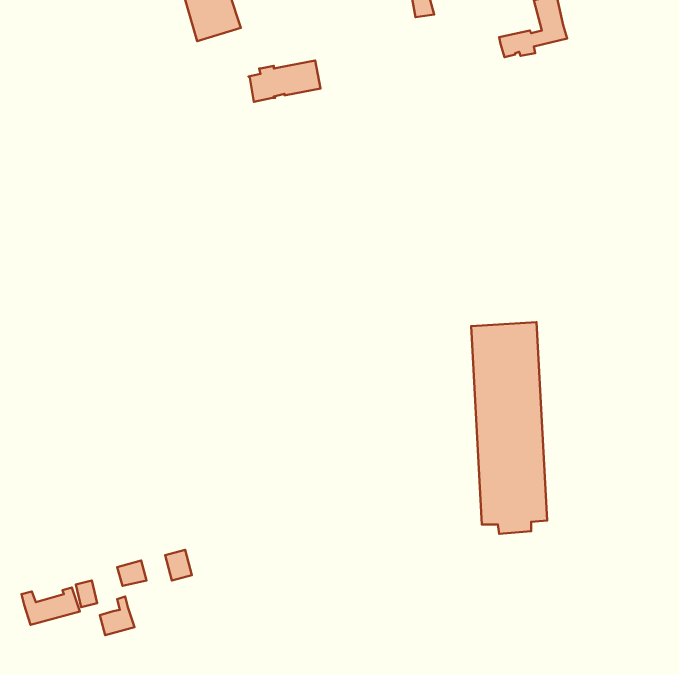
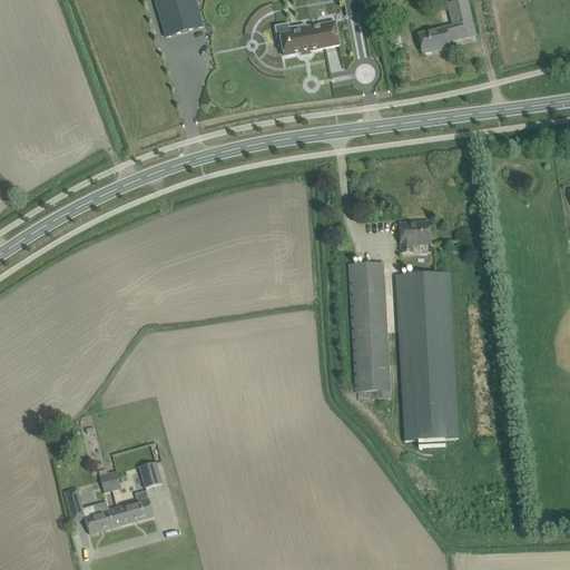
building: [249,60,320,102] -> [278,19,338,53]
building: none -> [399,219,430,252]
building: none -> [347,261,390,397]
building: [21,587,80,625] -> [105,493,154,524]

